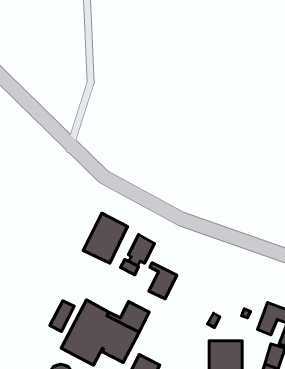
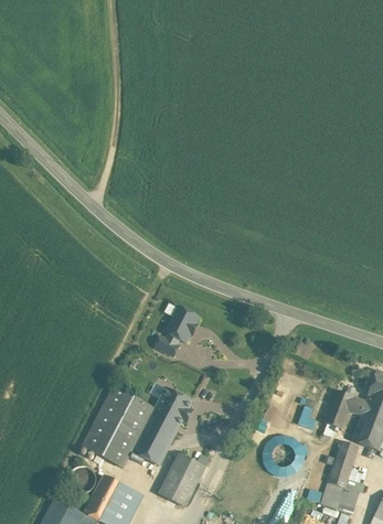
building: [83,213,128,263] -> none
building: [149,263,177,299] -> none
building: [50,301,74,331] -> none

